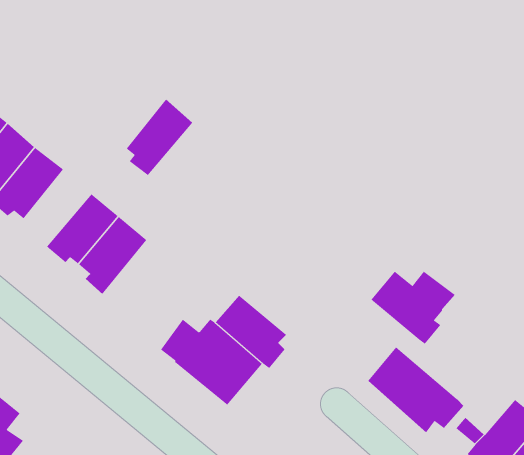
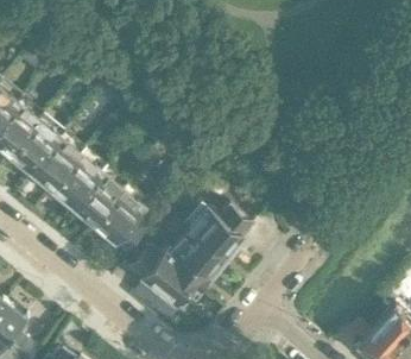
building: [126,99,193,176] -> [31,137,81,194]
building: none -> [89,189,144,251]
building: [371,271,456,345] -> [190,208,253,263]
building: [367,347,464,433] -> none

